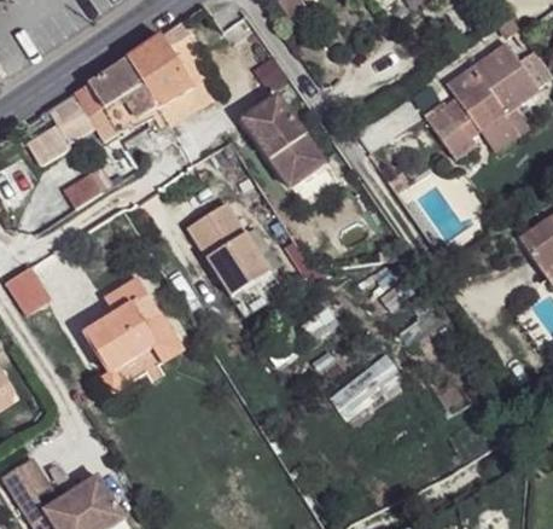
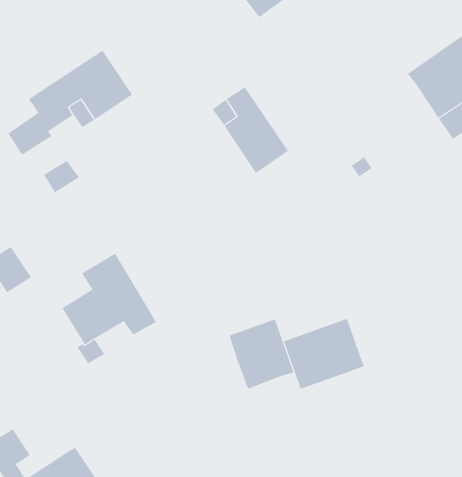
building: [127,35,191,105] -> none
building: [424,95,479,159] -> none
building: [186,202,269,295] -> none
building: none -> [229,319,294,389]

